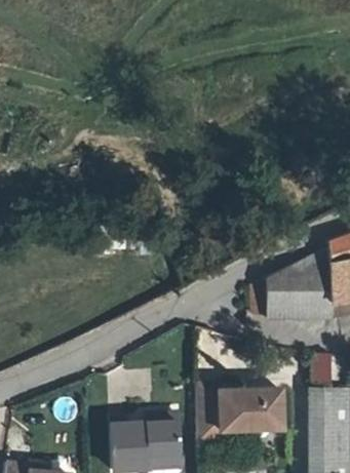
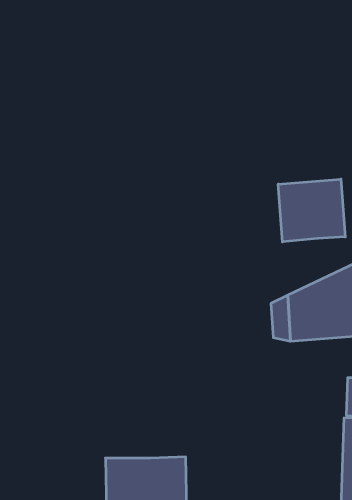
building: none -> [278,179,345,242]
building: [199,383,283,437] -> none

